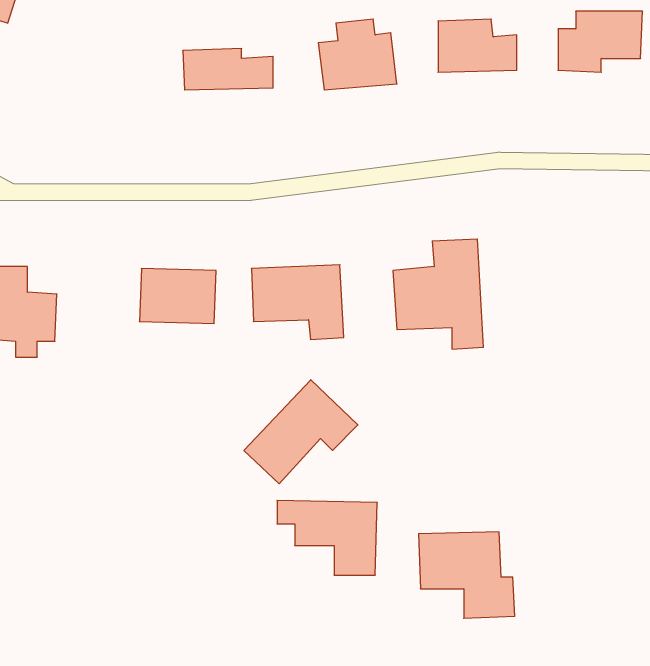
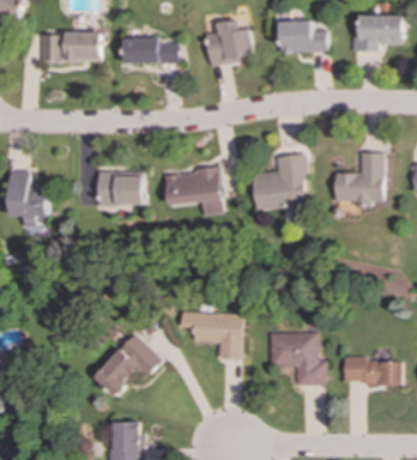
building: none -> [42,32,102,61]
building: none -> [334,152,385,206]
building: [244,380,358,484] -> [91,333,161,397]
building: none -> [343,358,403,383]

